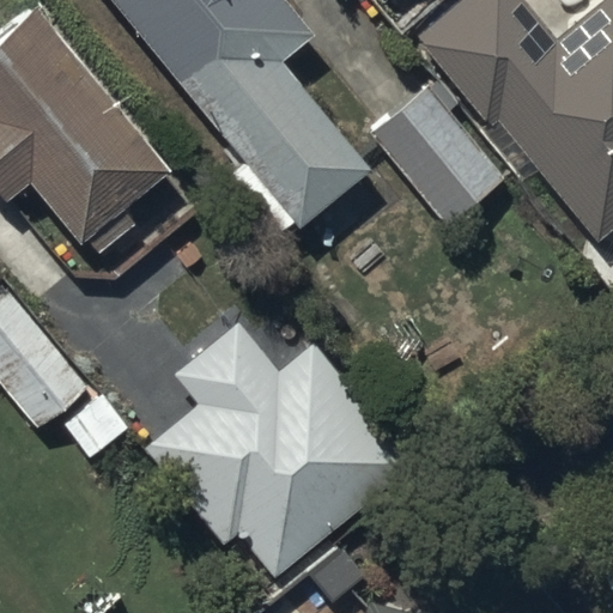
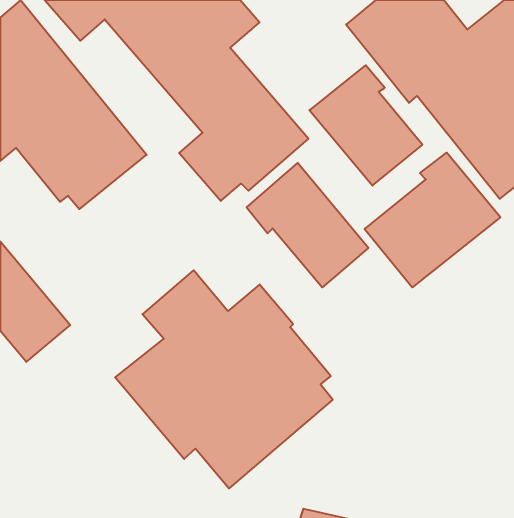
building: none -> [365,153,500,287]
building: none -> [247,163,368,287]

